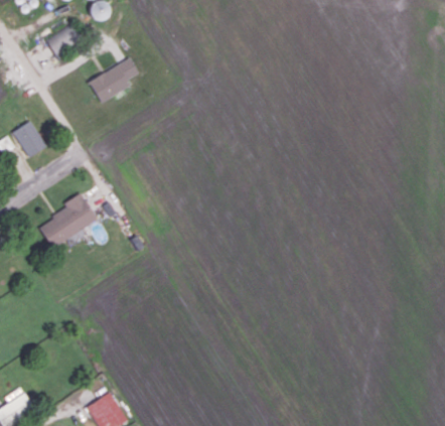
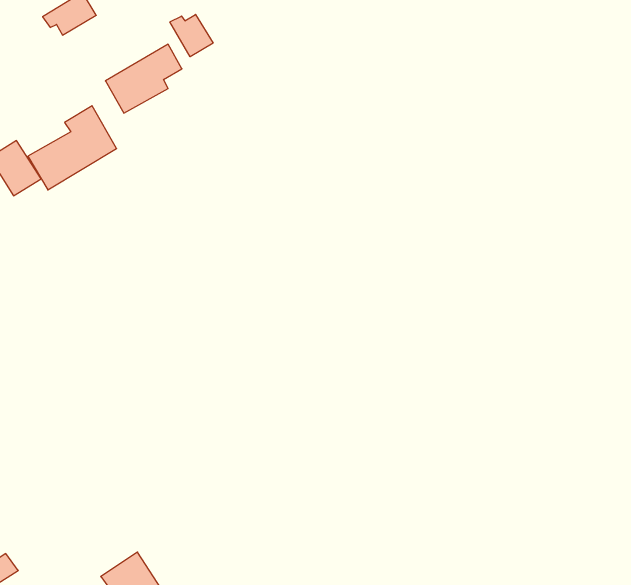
building: none -> [170,14,213,57]
building: [38,192,97,248] -> [28,106,117,190]

